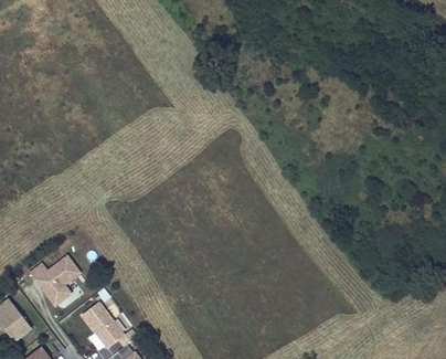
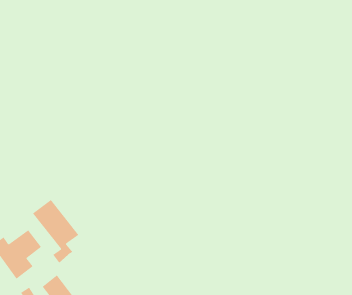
building: none -> [32,199,79,264]

